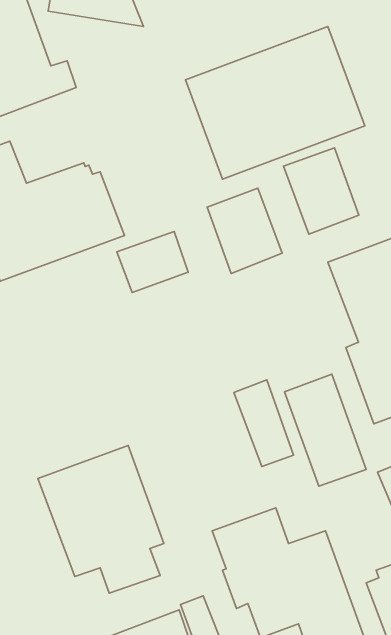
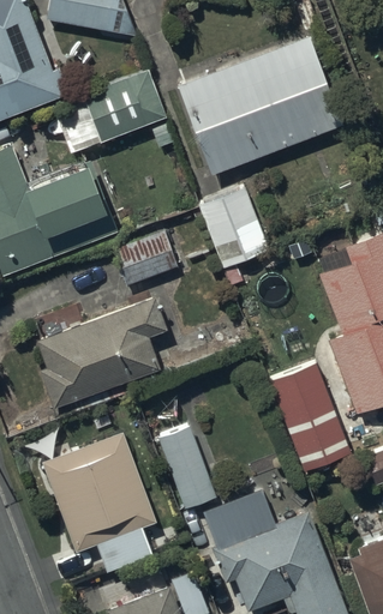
building: none -> [58,70,169,157]
building: [283,148,359,234] -> none
building: none -> [36,299,167,409]
building: [234,380,293,466] -> [158,427,215,508]

